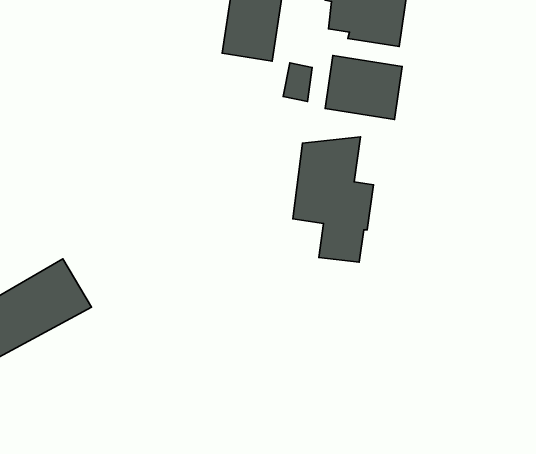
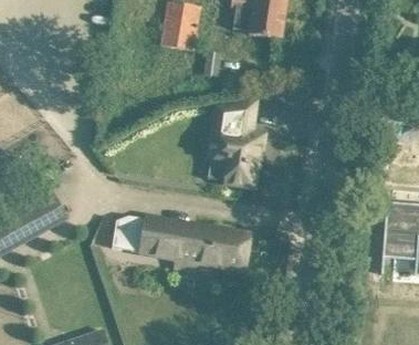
building: [325,56,402,119] -> none
building: none -> [112,216,249,270]

